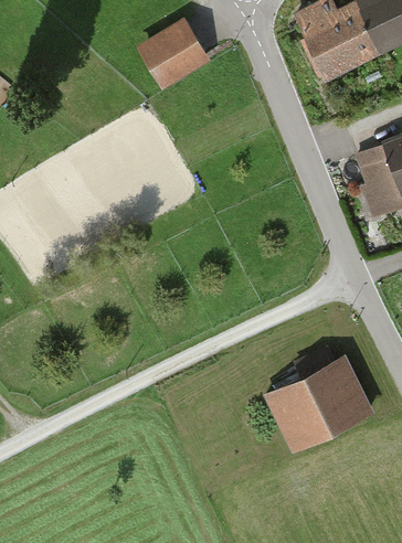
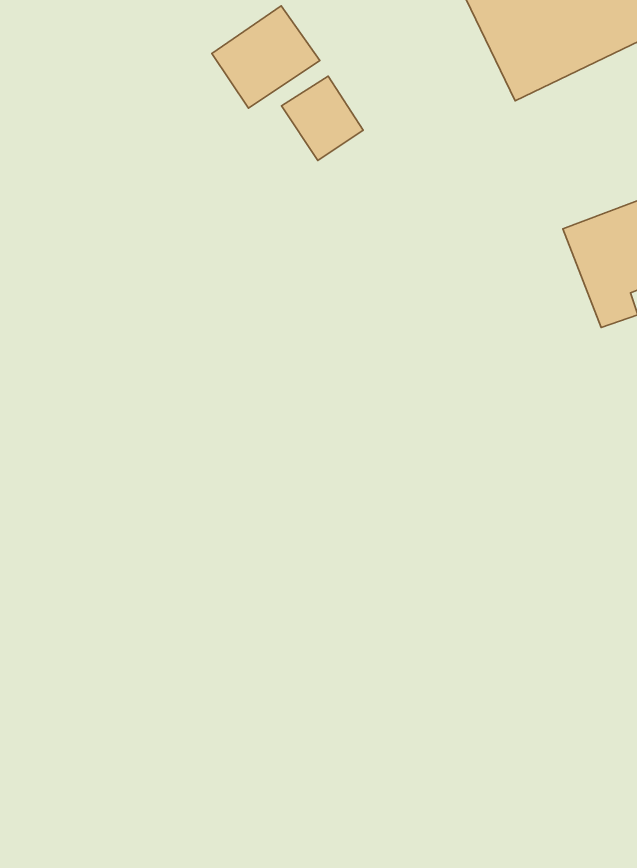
building: none -> [281,76,363,161]
building: [266,361,366,448] -> none

